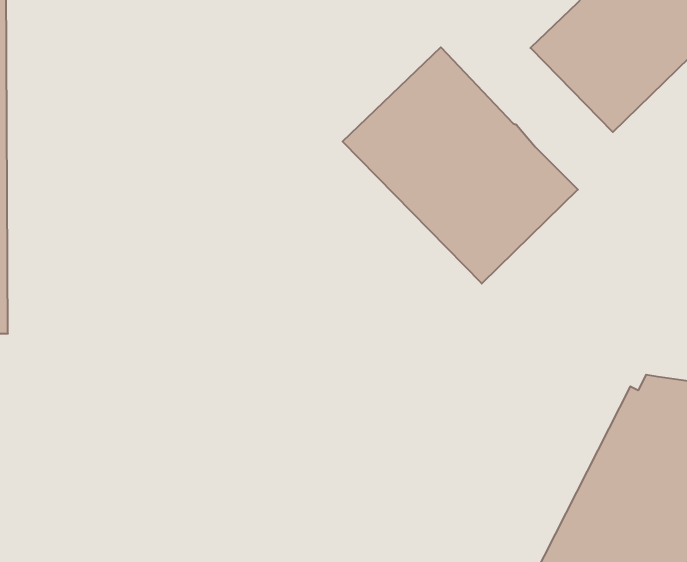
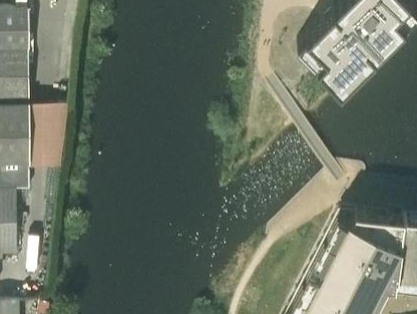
building: [343,47,578,284] -> none

